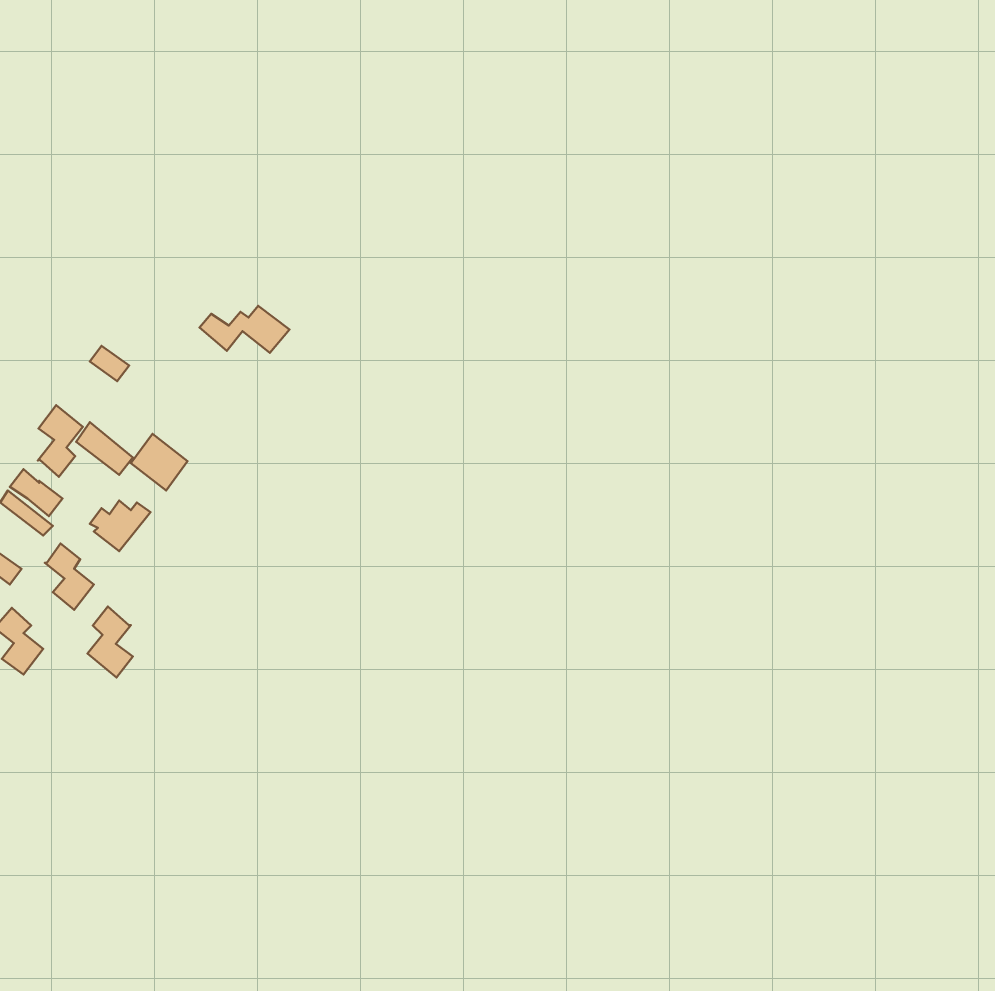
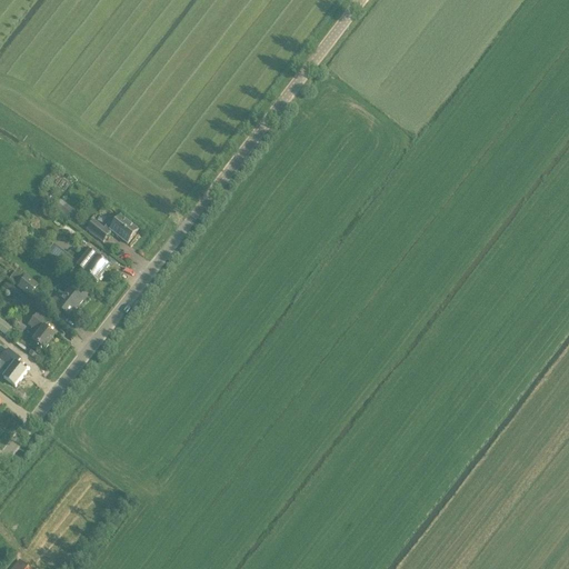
building: [200,306,289,353] -> [84,213,136,240]
building: [38,405,83,477] -> none
building: [87,607,133,678] -> none

